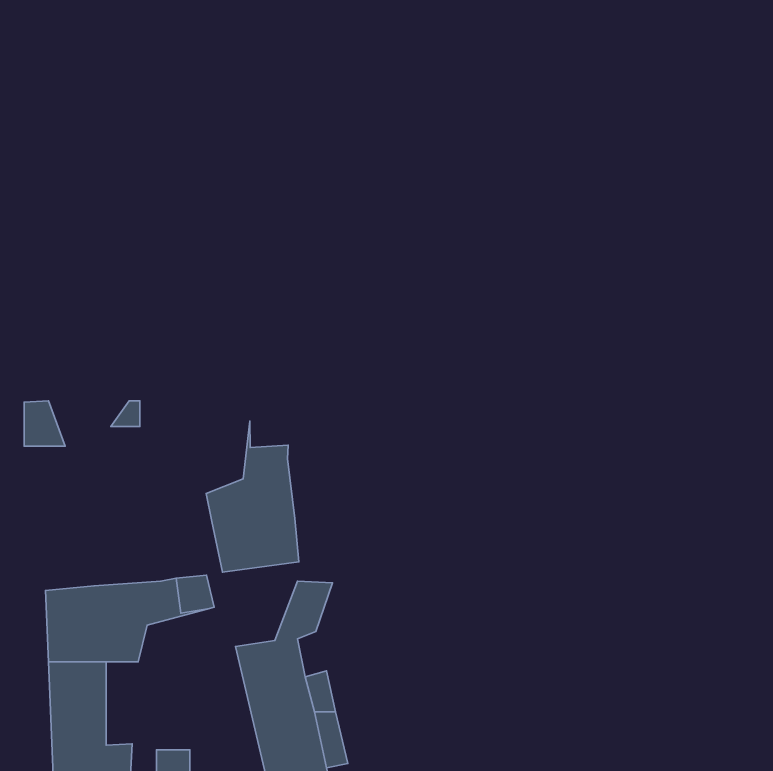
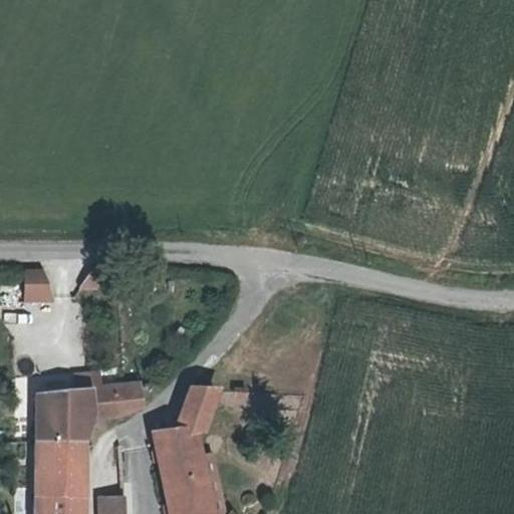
building: [206,421,299,572] -> none
building: none -> [70,441,91,496]

